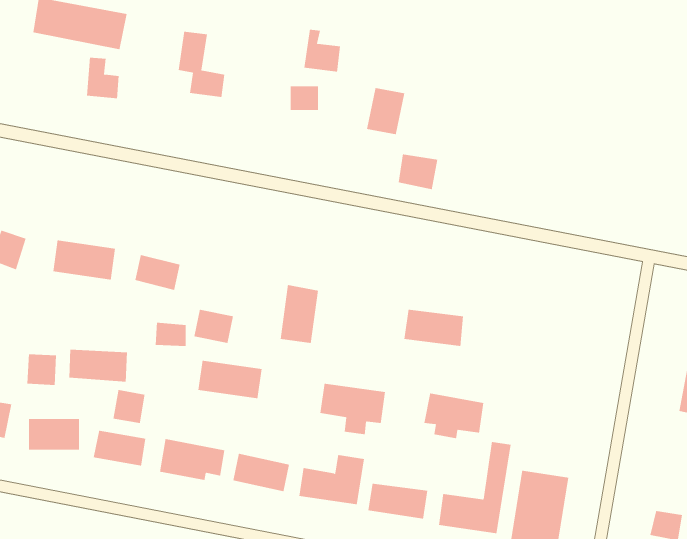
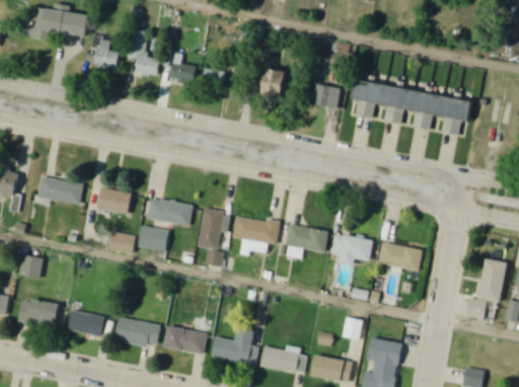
building: [303,29,341,72] -> [170,54,197,84]
building: [86,57,119,99] -> [96,38,120,68]
building: none -> [356,83,473,133]
building: [398,154,438,190] -> [313,84,342,109]
building: none -> [379,242,422,269]
building: [69,349,128,383] -> none
building: [198,360,262,399] -> [147,198,193,225]
building: [320,383,386,435] -> [233,216,280,252]
building: [113,389,145,424] -> none
building: [424,393,484,439] -> [331,233,374,265]

